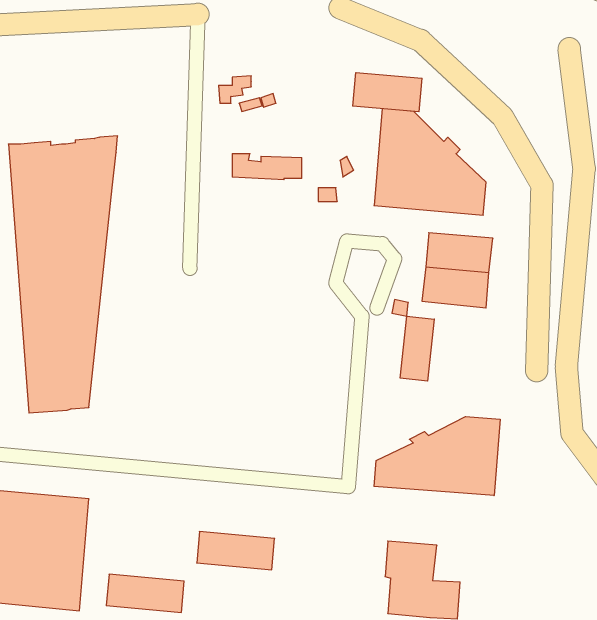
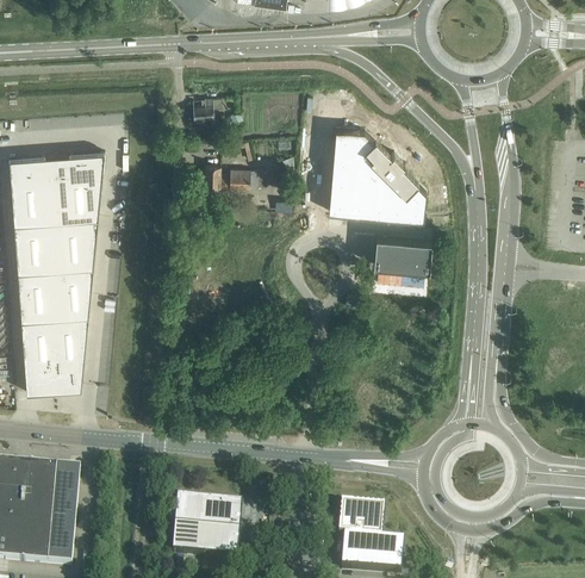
building: [353,73,422,112] -> none
building: [400,316,434,381] -> none
building: [374,417,500,496] -> none
building: [106,574,184,612] -> [172,522,239,555]

